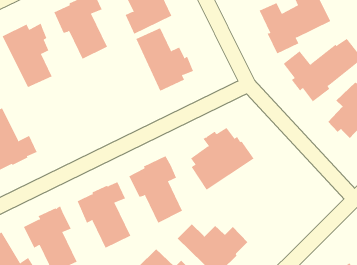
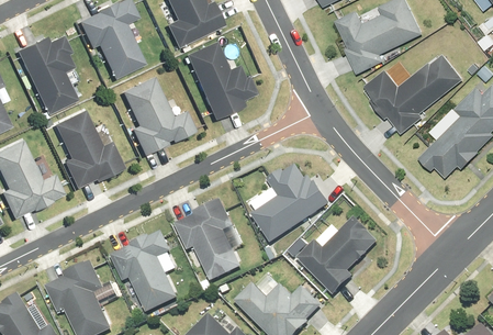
building: none -> [119,76,193,155]
building: none -> [51,110,122,189]
building: none -> [295,216,377,295]

